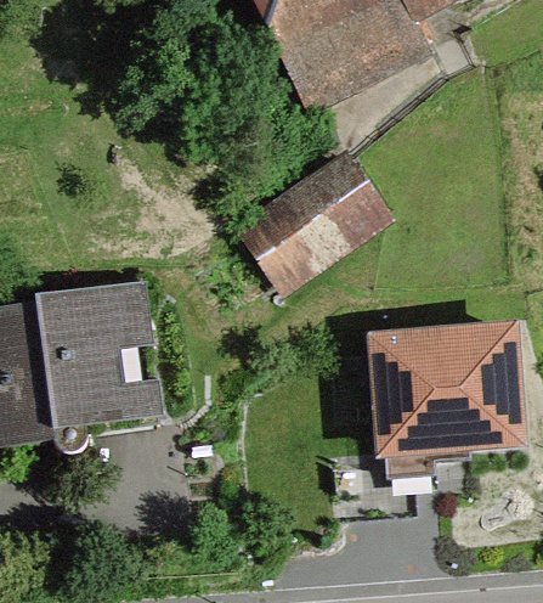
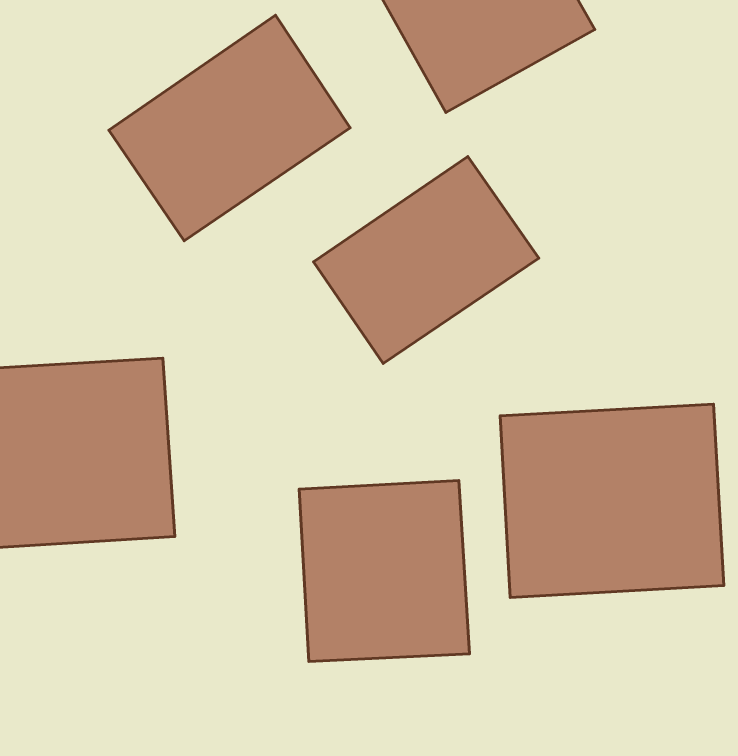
building: none -> [109,15,350,241]
building: none -> [299,480,470,661]

